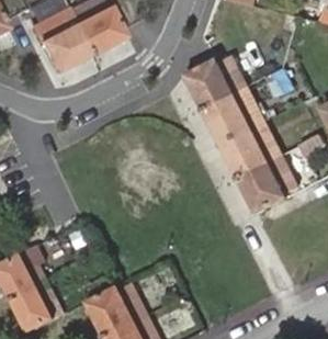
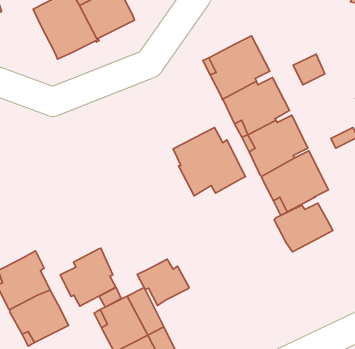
building: none -> [173,127,245,196]
building: none -> [274,203,333,252]
building: none -> [60,248,116,306]
building: none -> [137,259,189,305]

